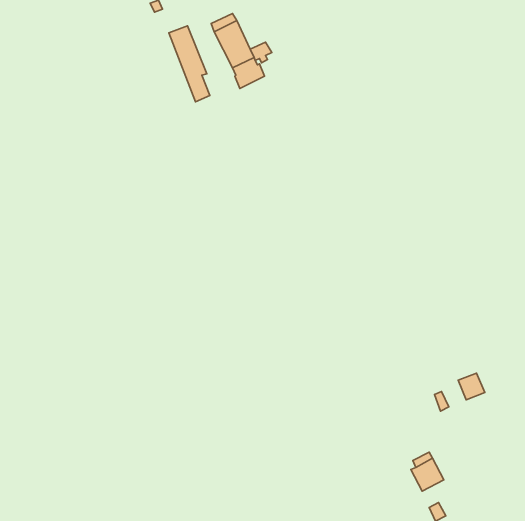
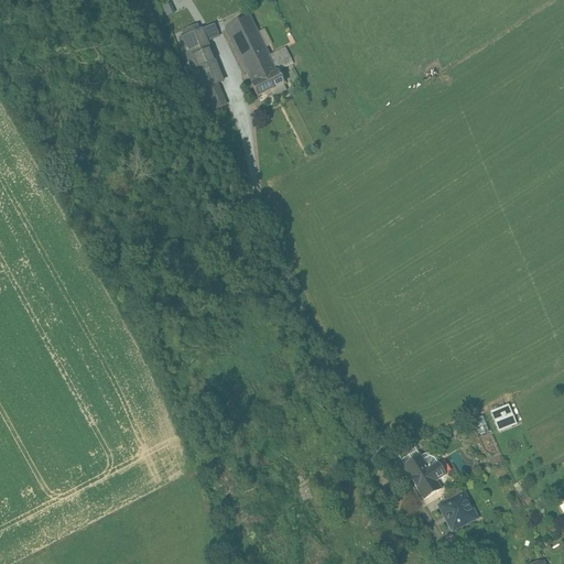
building: none -> [402,453,445,497]

